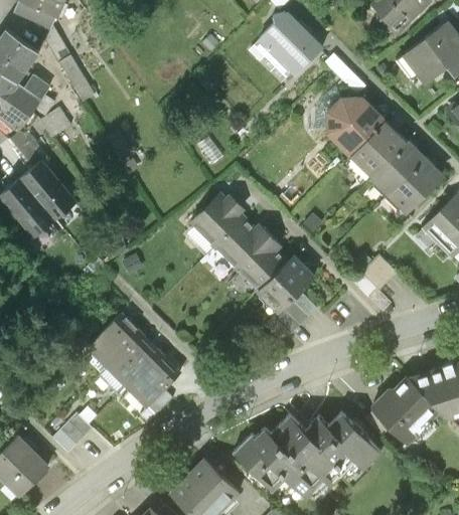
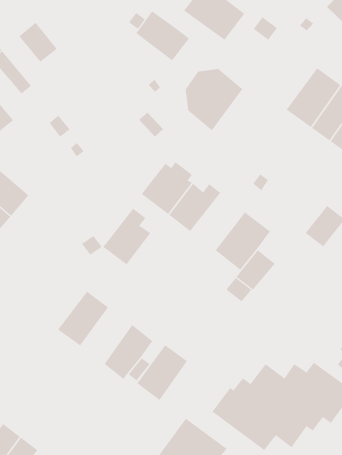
building: none -> [19,22,57,62]
building: none -> [136,10,190,61]
building: [327,94,387,156] -> [185,69,243,131]
building: [236,231,287,289] -> [103,208,151,265]
building: [108,332,163,388] -> [136,345,188,401]
building: [52,414,92,455] -> none

